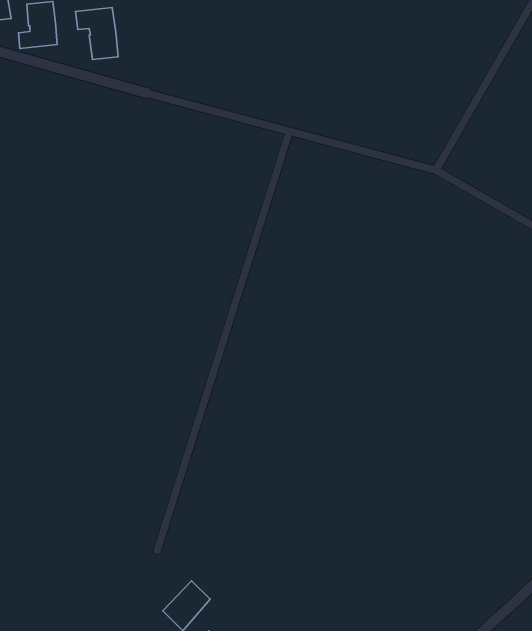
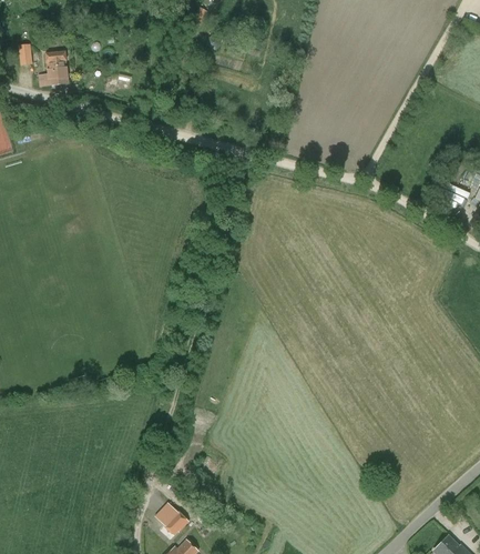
building: [75,8,118,60] -> none

